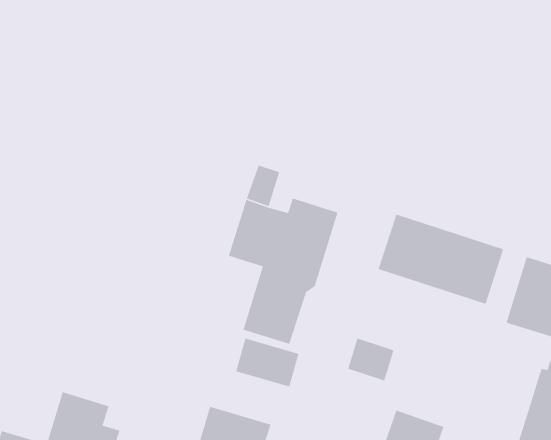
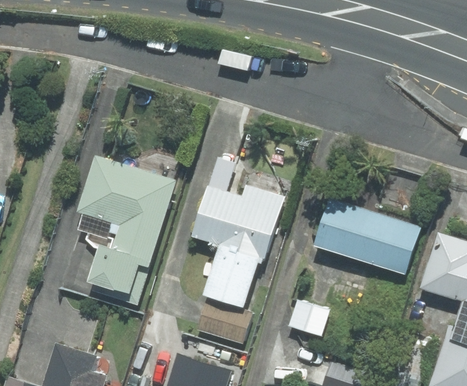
building: none -> [79,158,173,304]

